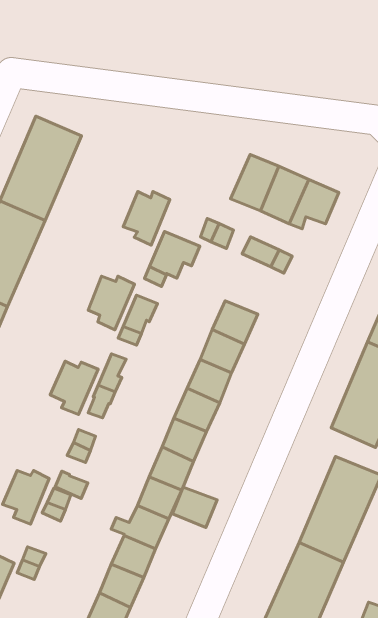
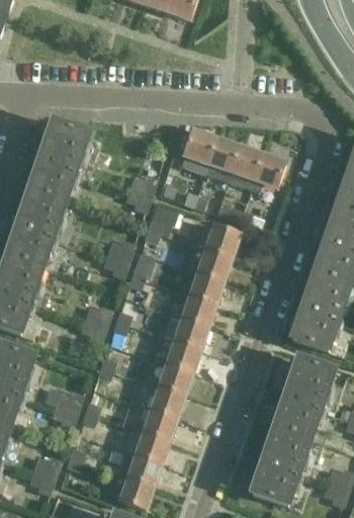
building: none -> [181,132,215,174]
building: none -> [205,227,239,259]
building: [173,487,217,528] -> none

